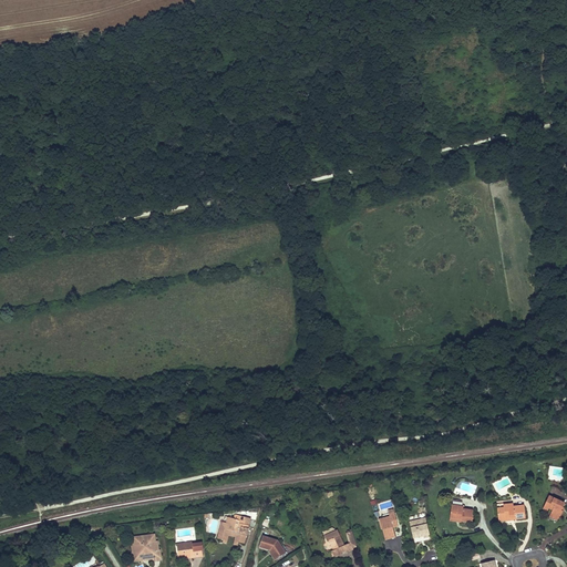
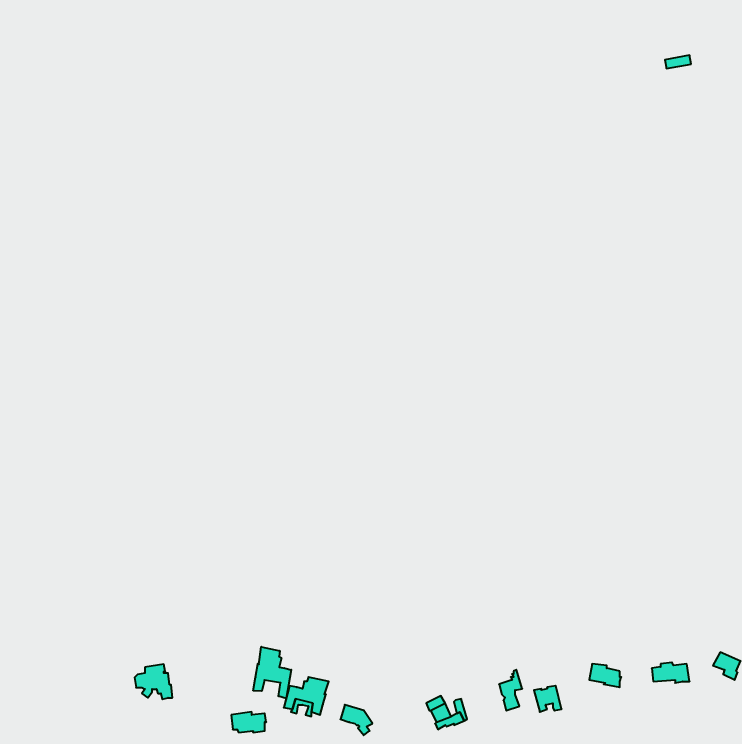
building: none -> [253,647,291,698]
building: [131,535,159,561] -> [135,664,172,699]

